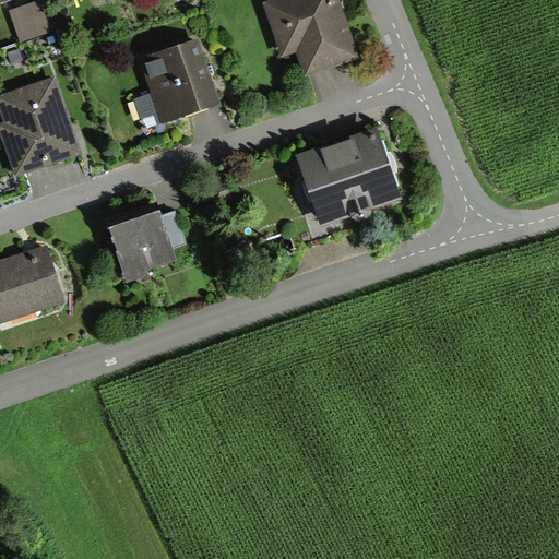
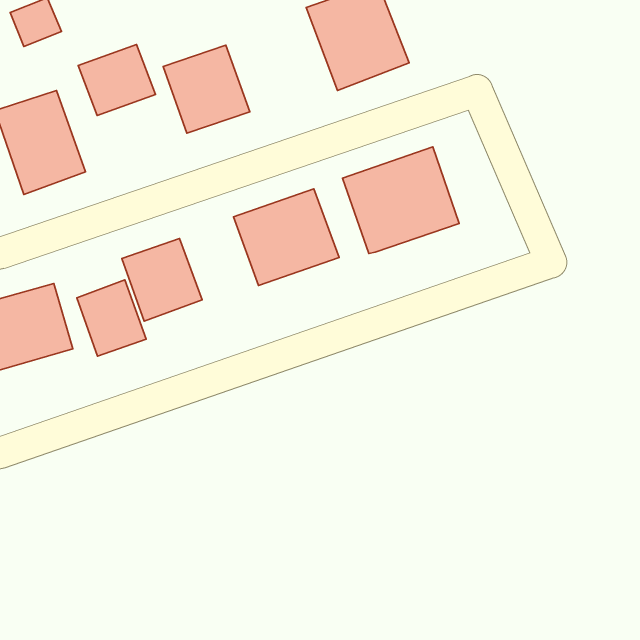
building: none -> [78,45,156,116]
building: none -> [233,189,339,285]
building: none -> [77,280,146,356]

